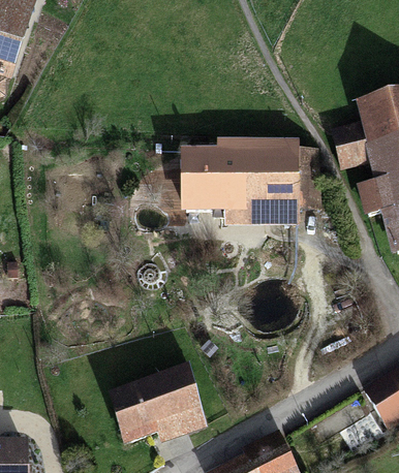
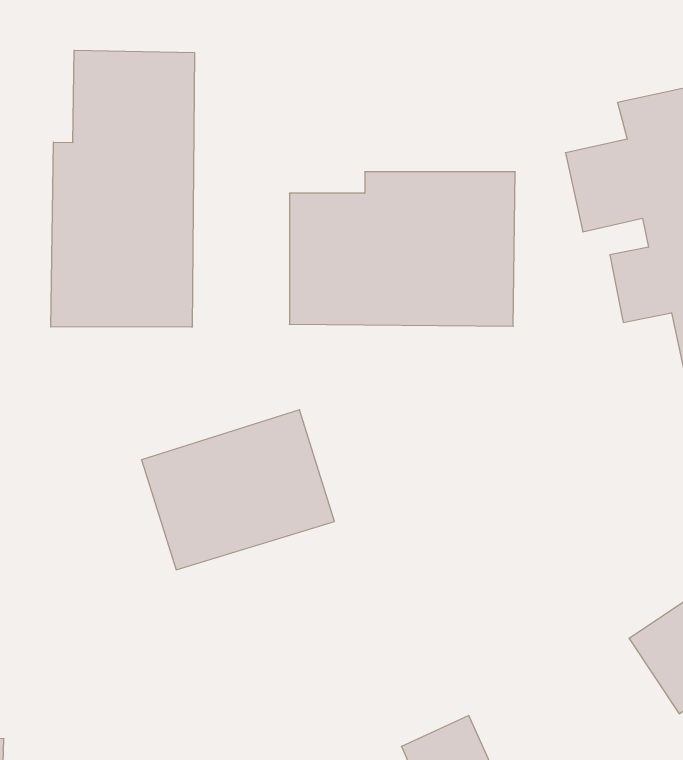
building: none -> [51,50,194,327]
building: [108,364,211,449] -> [141,410,334,570]

